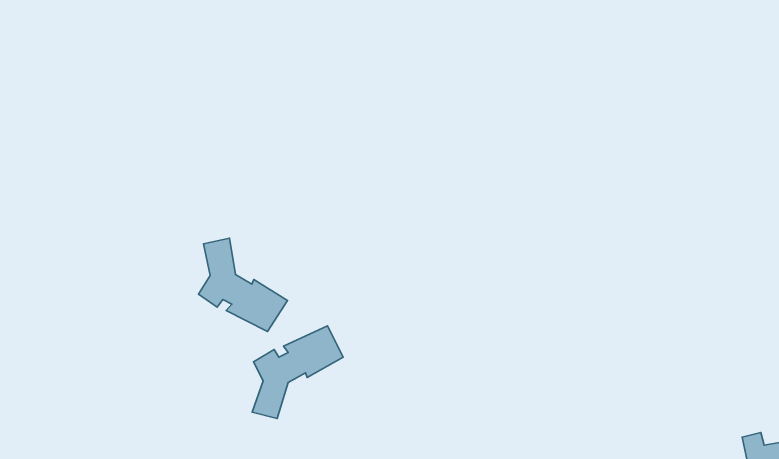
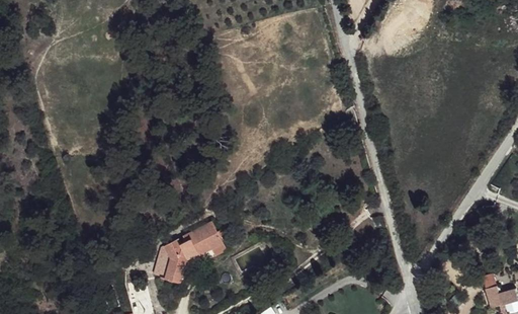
building: [198,238,287,332] -> none

